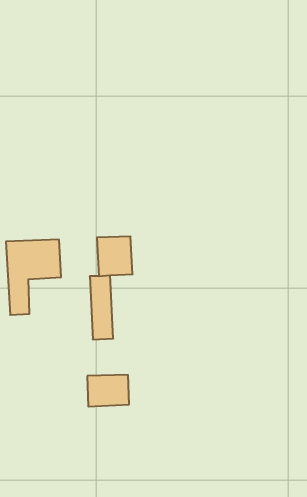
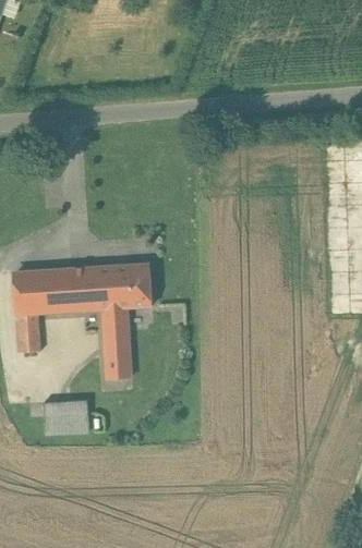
building: none -> [71,267,113,309]
building: [87,375,129,407] -> [45,399,89,433]

